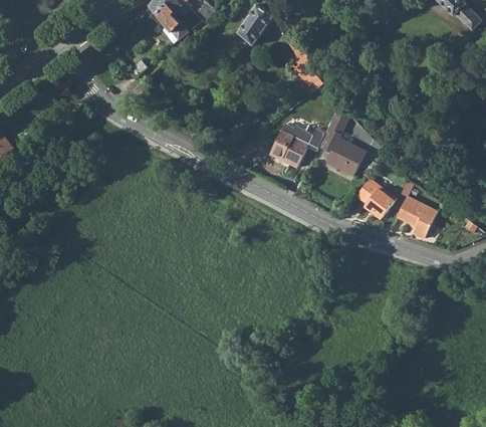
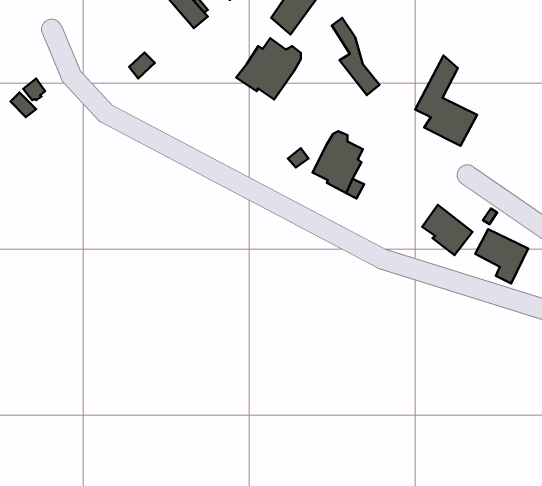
building: none -> [236,38,301,100]
building: [316,105,365,176] -> [415,55,477,146]

